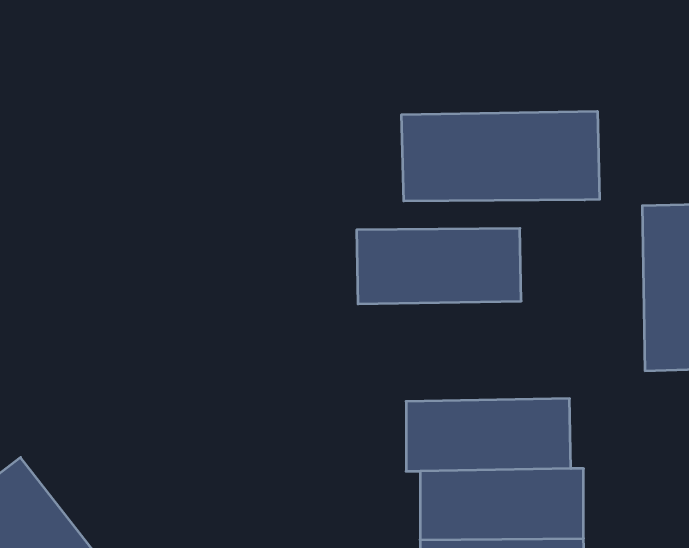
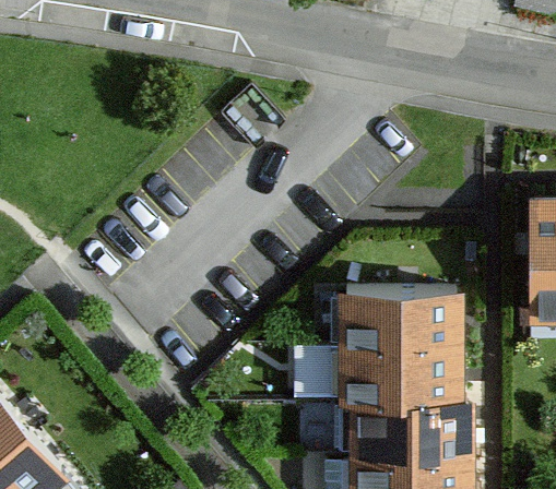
building: [402,111,600,201] -> none
building: [357,228,521,304] -> [329,289,458,348]

